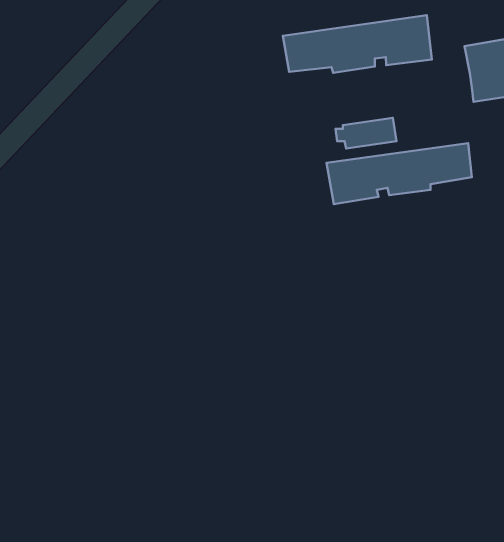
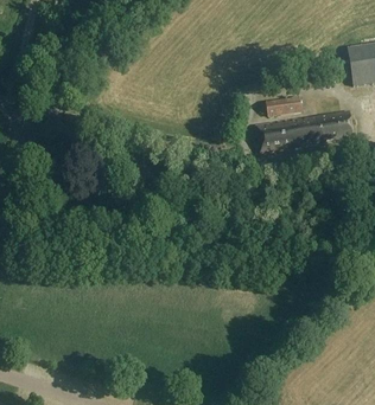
building: [283,15,432,73] -> none

